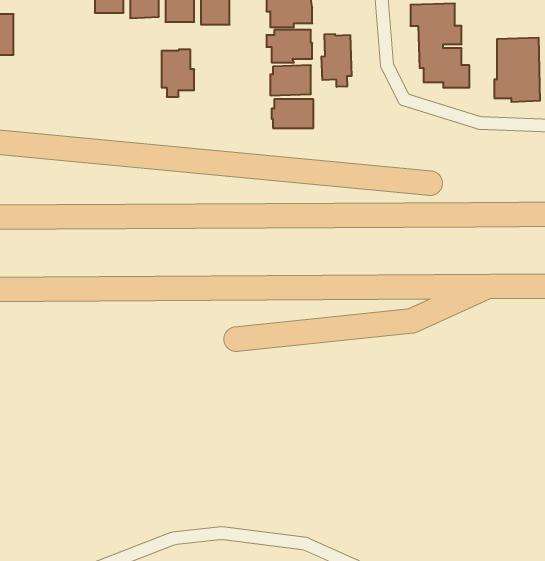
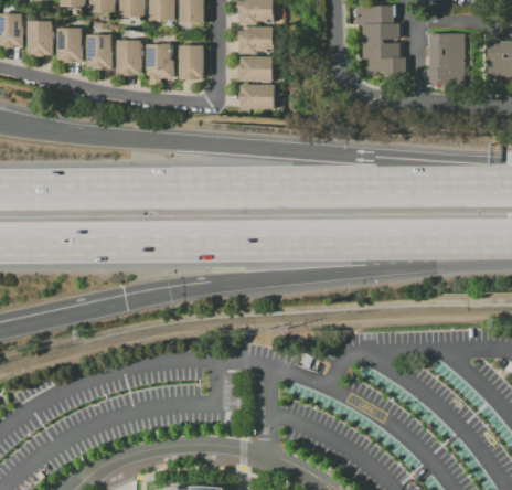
building: none -> [26,21,52,56]
building: none -> [56,28,81,62]
building: [322,34,351,87] -> none
building: none -> [85,34,111,70]
building: none -> [116,40,140,76]
building: none -> [179,45,202,79]

